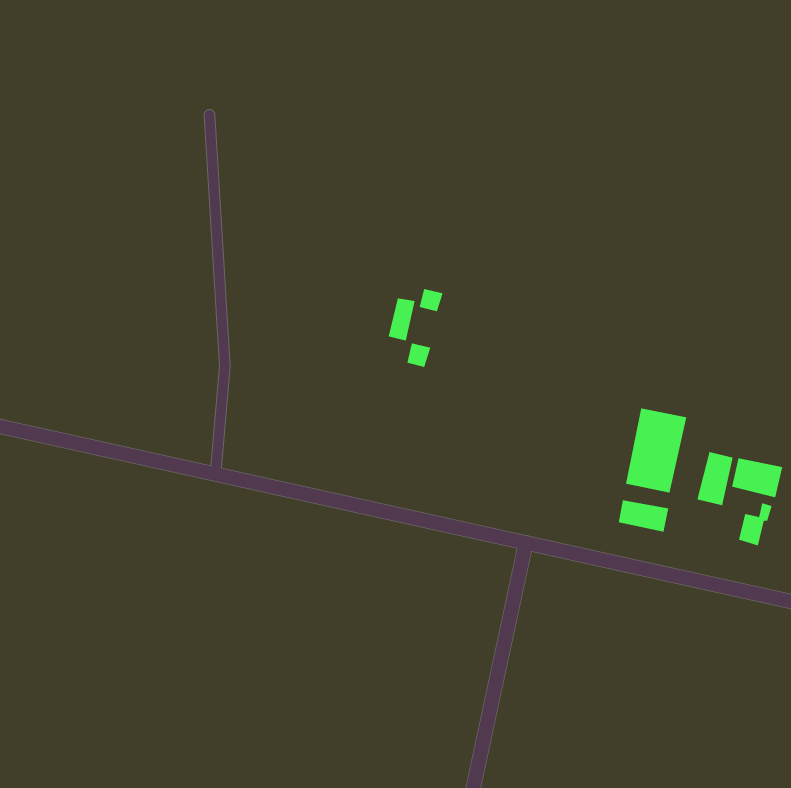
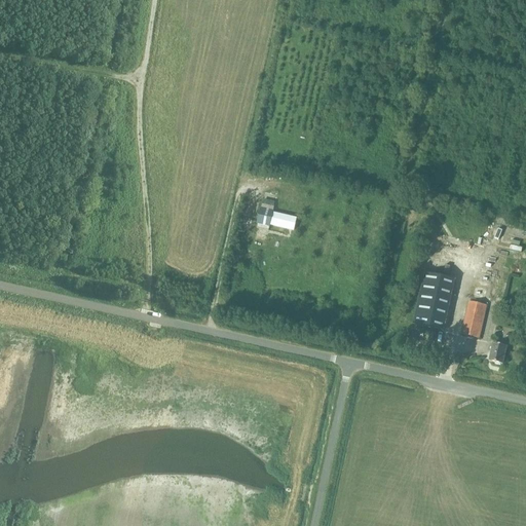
building: [732,457,783,498] -> none
building: [618,499,669,532] -> none

